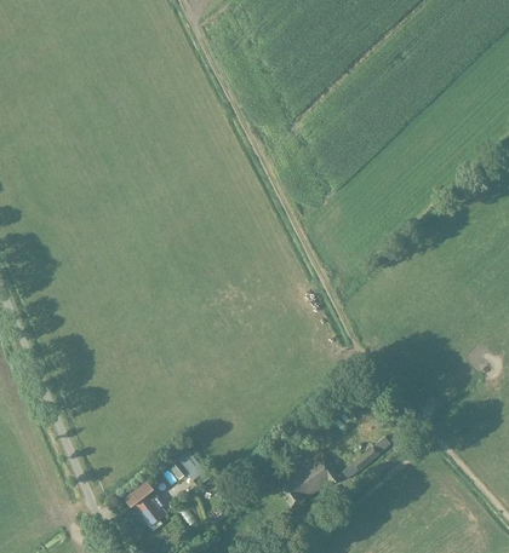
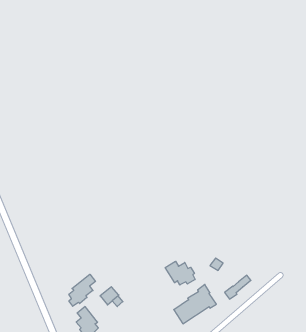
building: none -> [165,261,195,285]
building: none -> [69,274,95,306]

